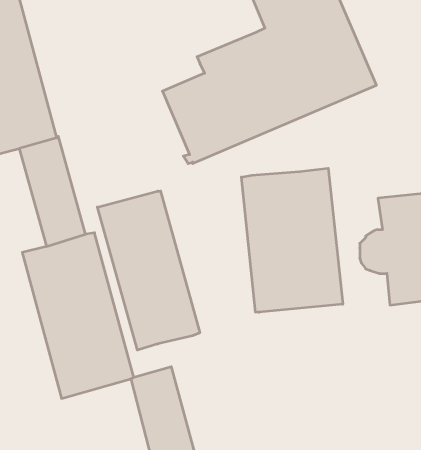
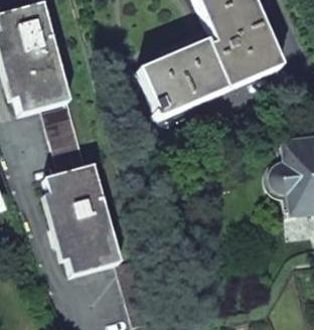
building: [241,168,343,312] -> none
building: [97,191,200,350] -> none

